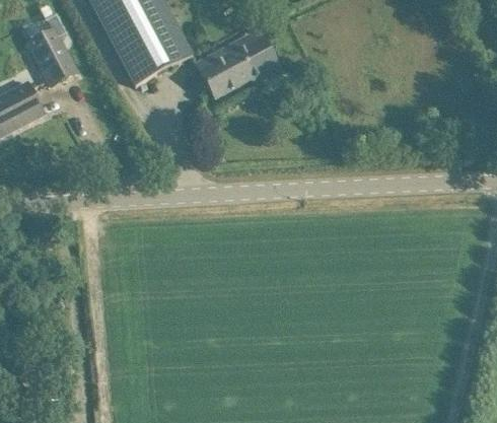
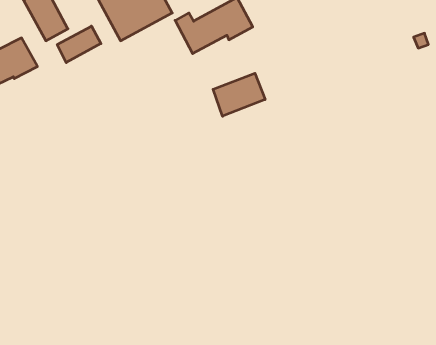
building: none -> [57,26,101,63]
building: none -> [213,73,265,116]

